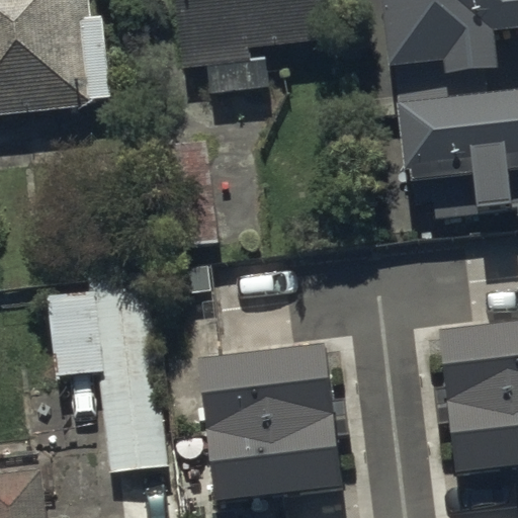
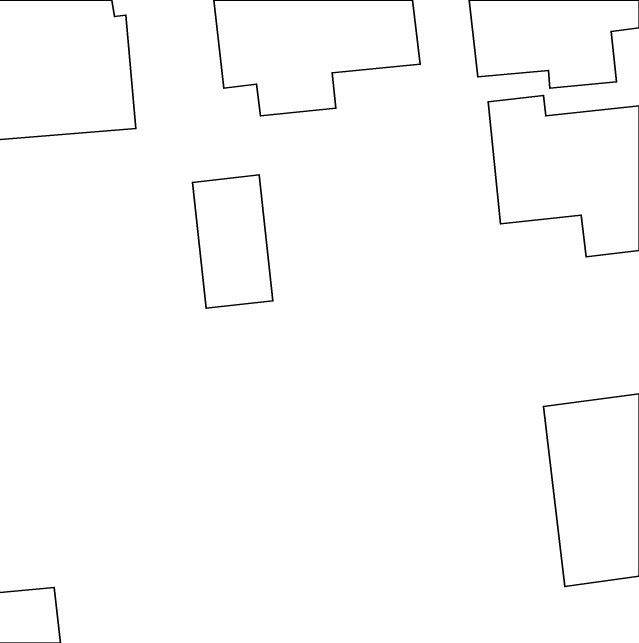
building: [49,270,166,473] -> none
building: [200,342,348,499] -> none

